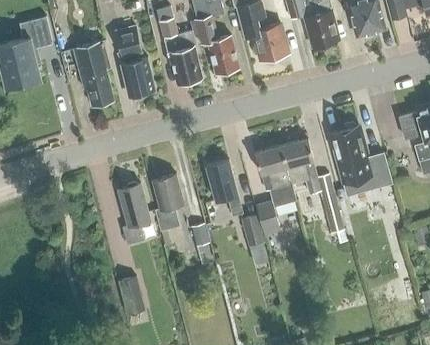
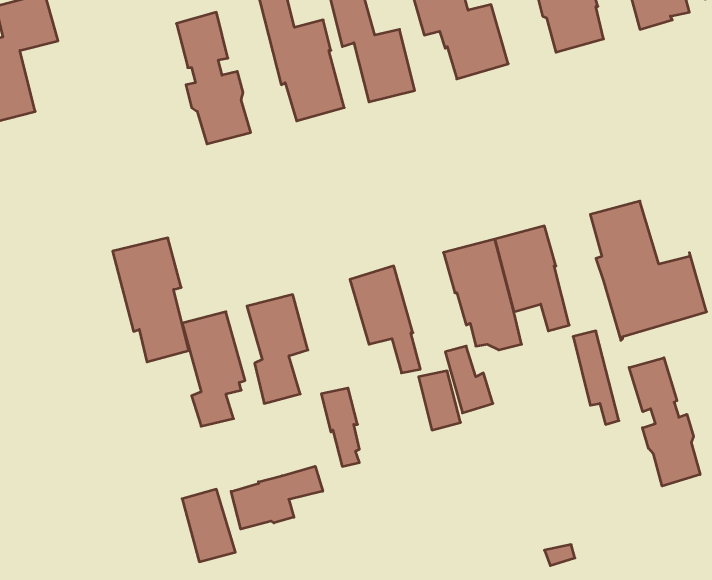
building: [73,41,113,106] -> [113,238,189,362]
building: none -> [629,358,700,486]
building: none -> [231,466,323,529]

